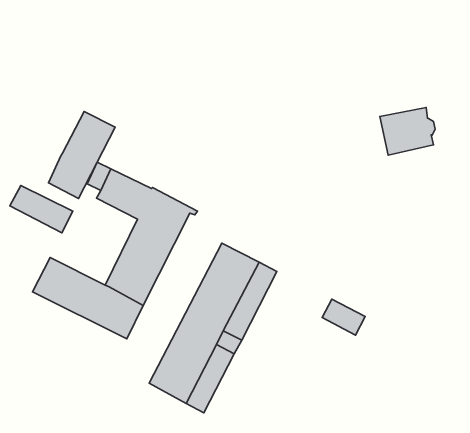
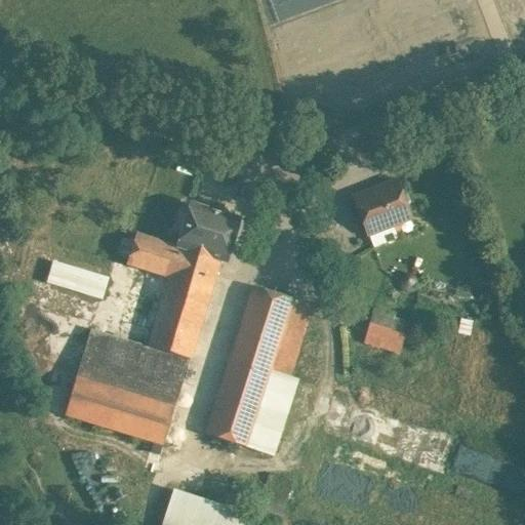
building: [380,107,435,155] -> [353,180,409,233]
building: [49,111,115,199] -> none
building: none -> [178,203,238,259]
building: none -> [65,364,178,443]

